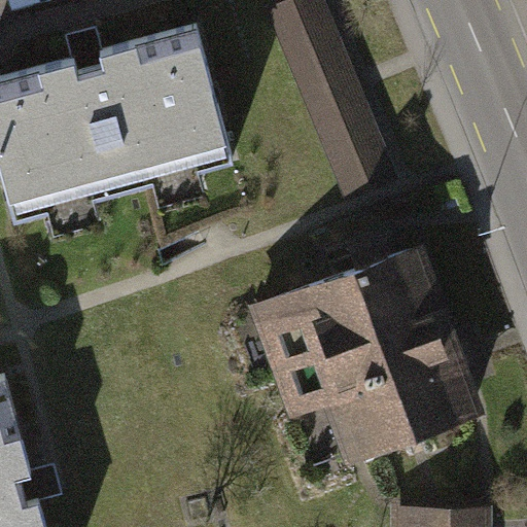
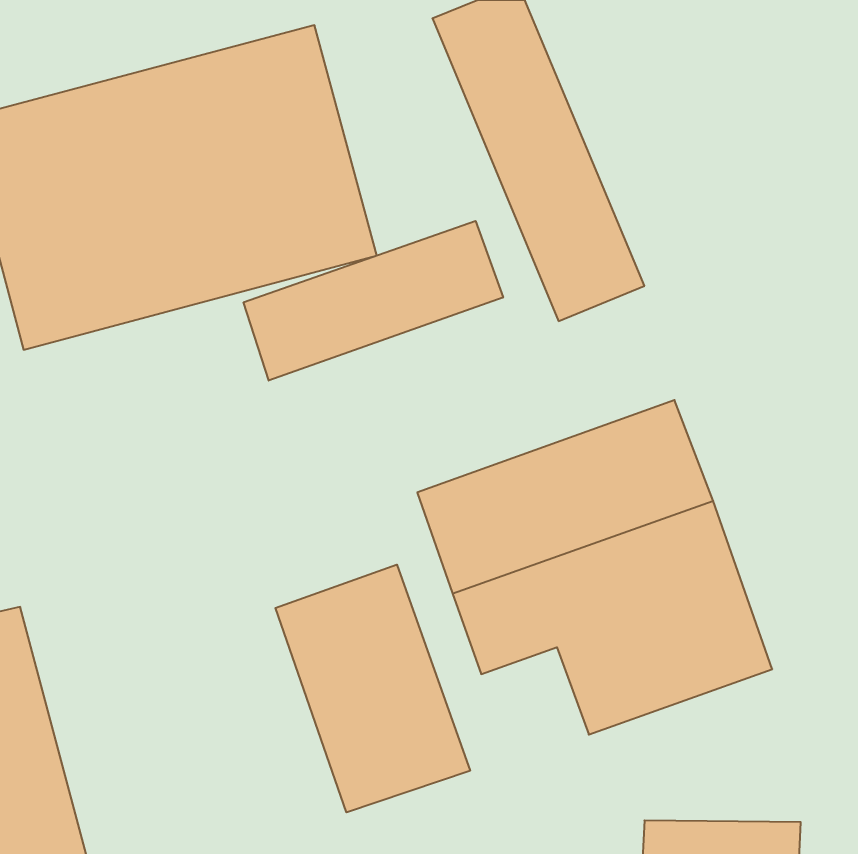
building: none -> [244,221,503,381]
building: none -> [275,565,470,812]

